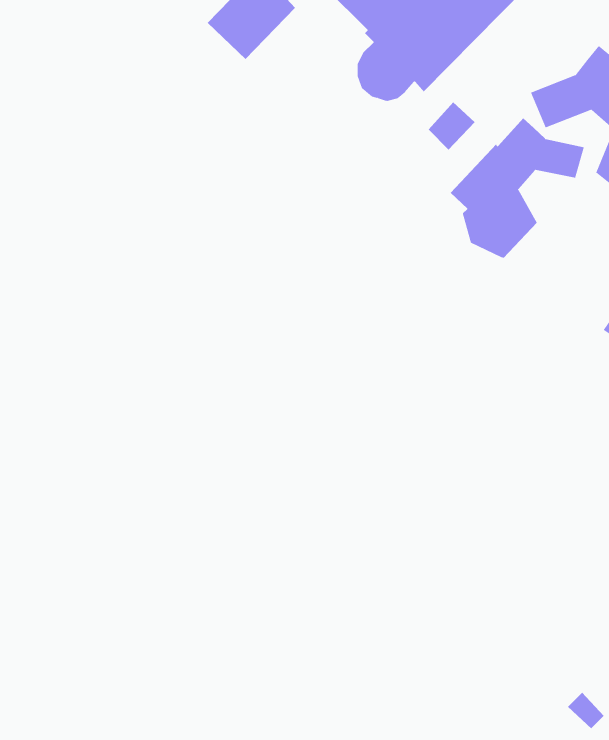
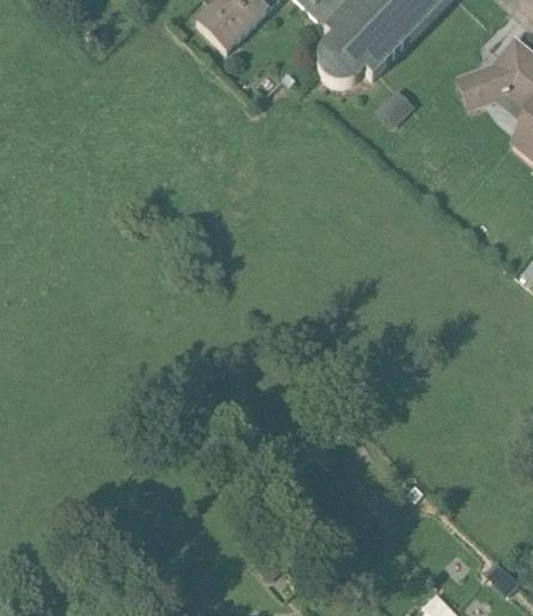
building: [450,117,584,259] -> none

